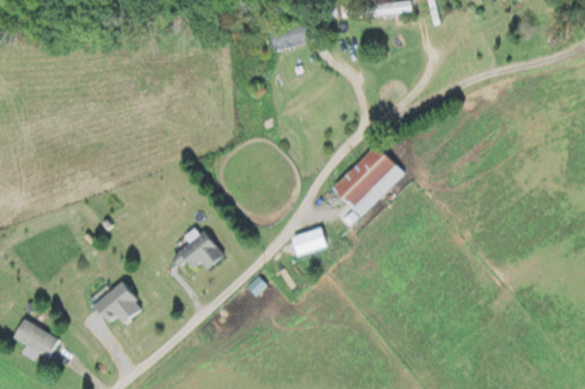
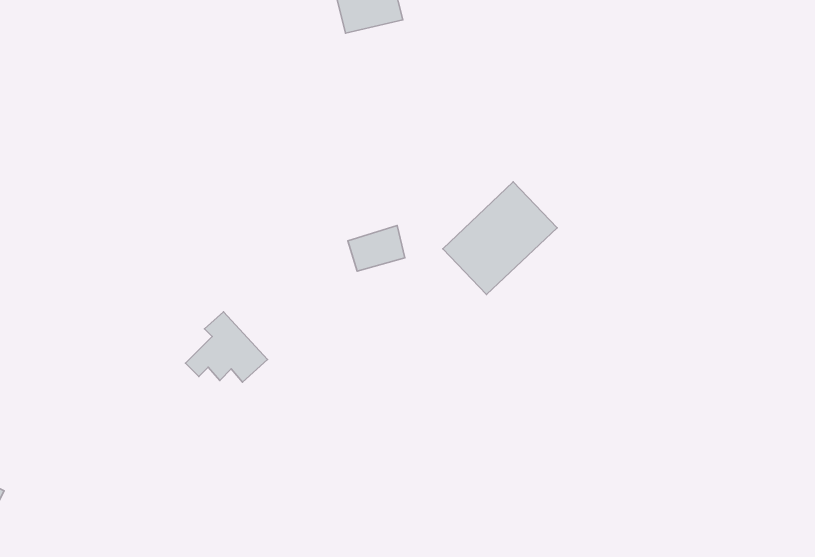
building: [291,227,327,255] -> [348,225,405,271]
building: [93,282,143,325] -> none

